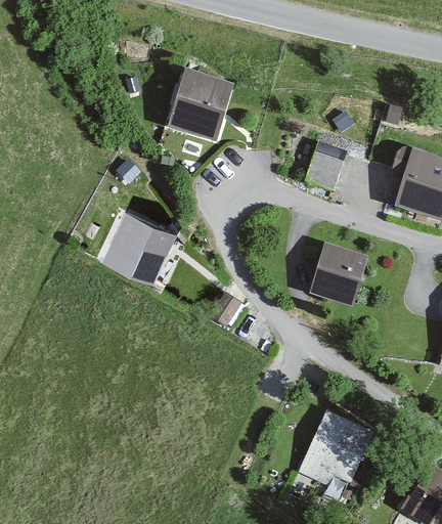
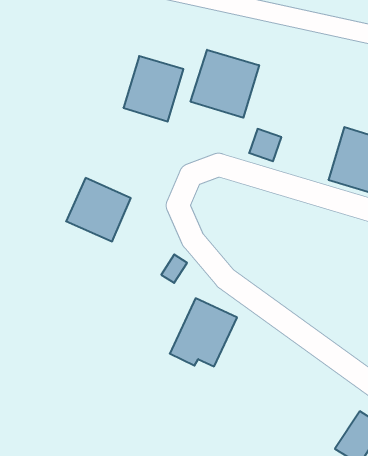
building: none -> [191,50,259,118]
building: [308,242,369,307] -> none
building: [299,410,373,486] -> [170,298,237,366]

